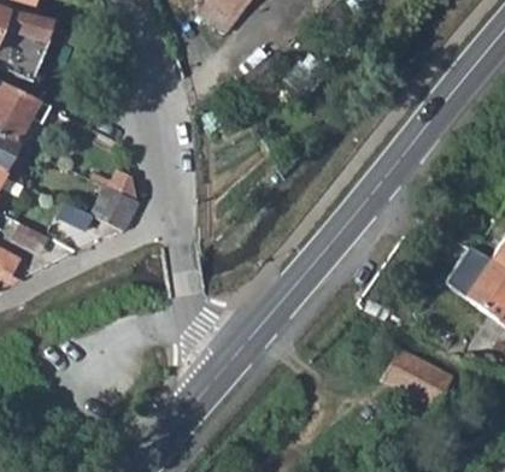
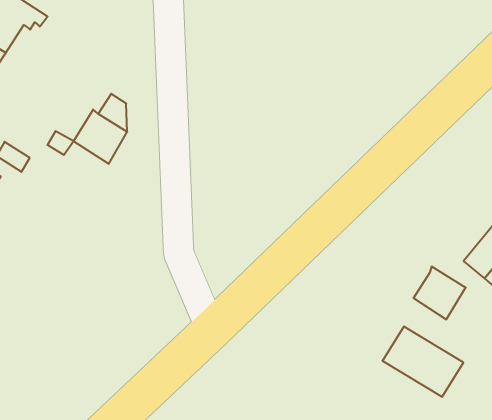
building: none -> [414,266,466,320]

